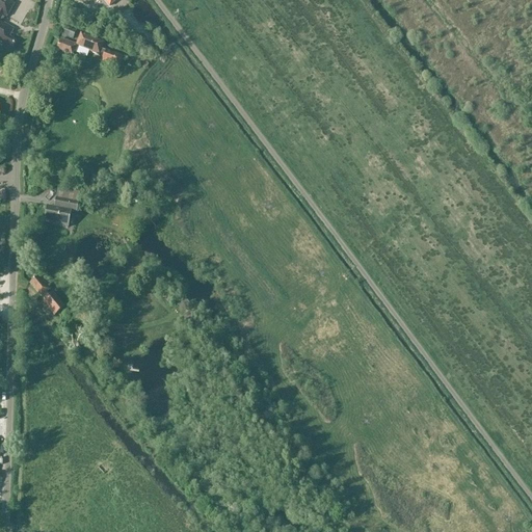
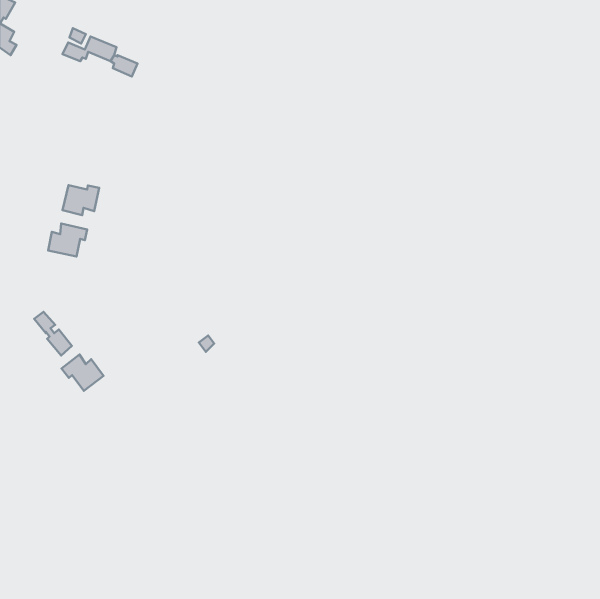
building: none -> [63,185,99,215]
building: none -> [62,354,104,391]

